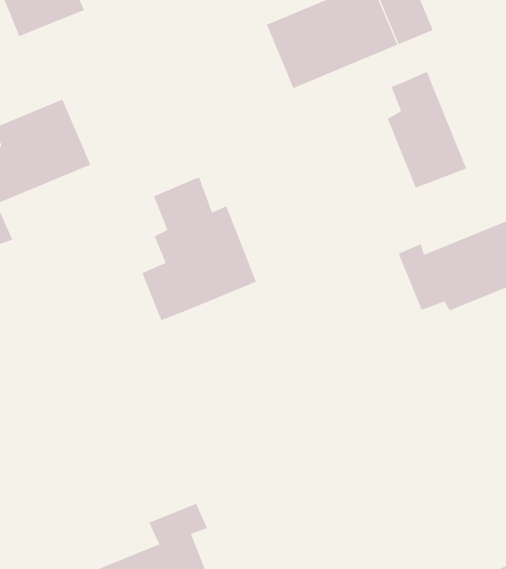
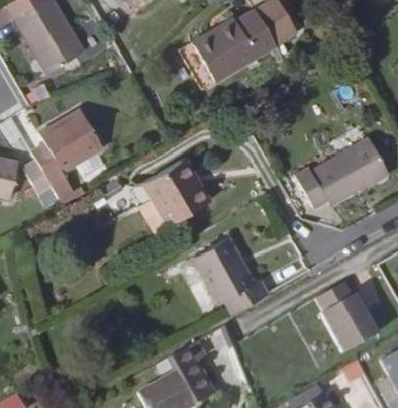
building: [387,71,467,189] -> none
building: none -> [190,229,264,304]
building: none -> [314,278,377,348]

